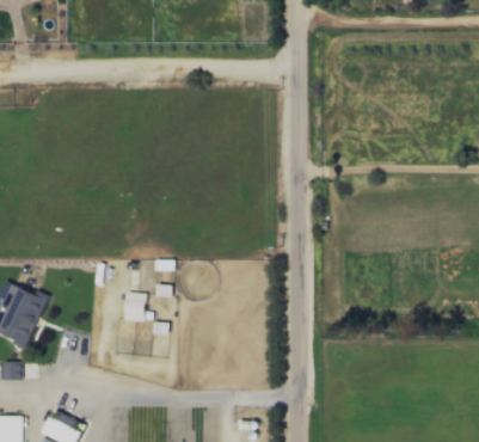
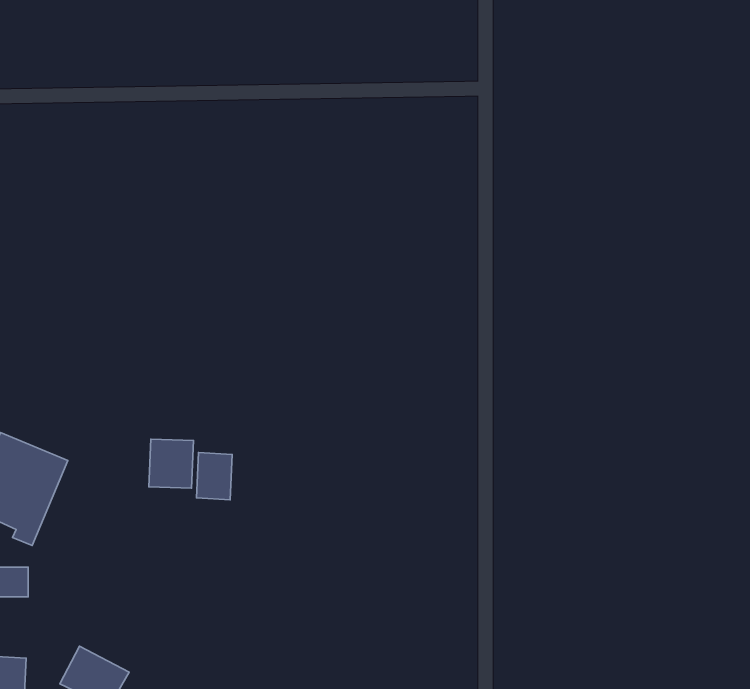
building: none -> [149,439,193,488]

